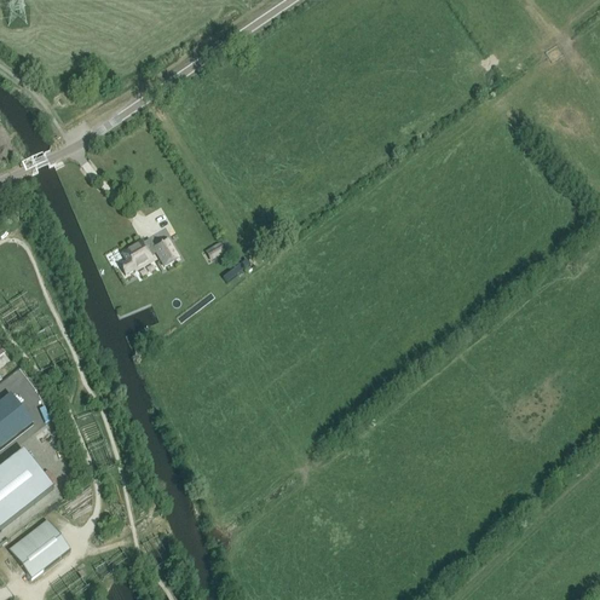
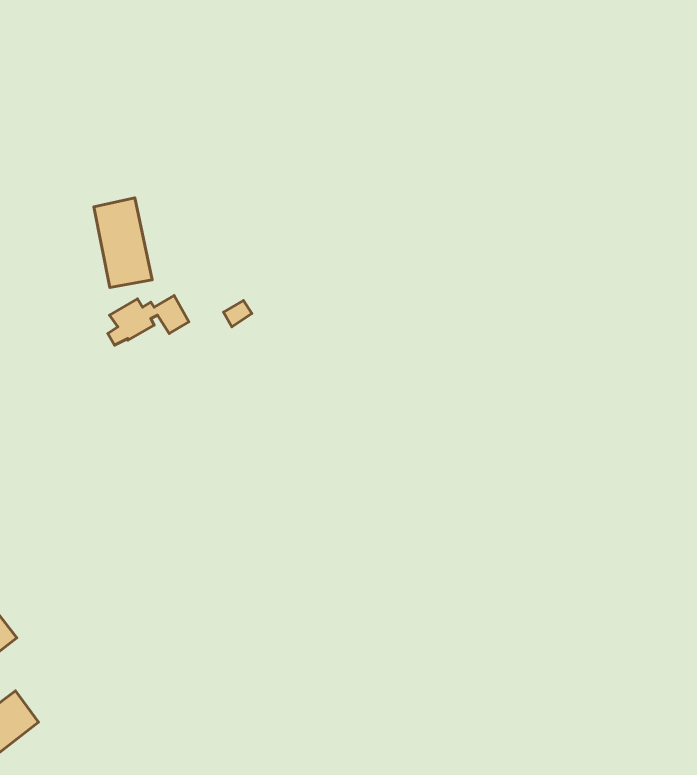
building: none -> [94,198,152,288]

